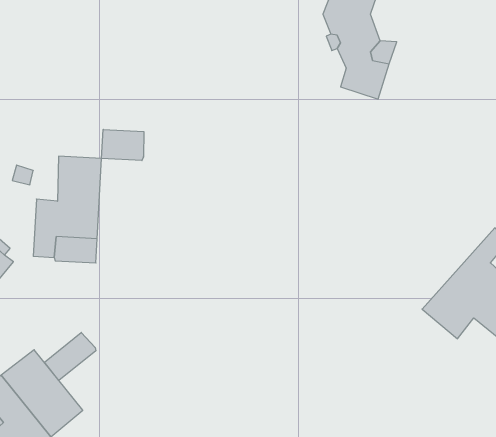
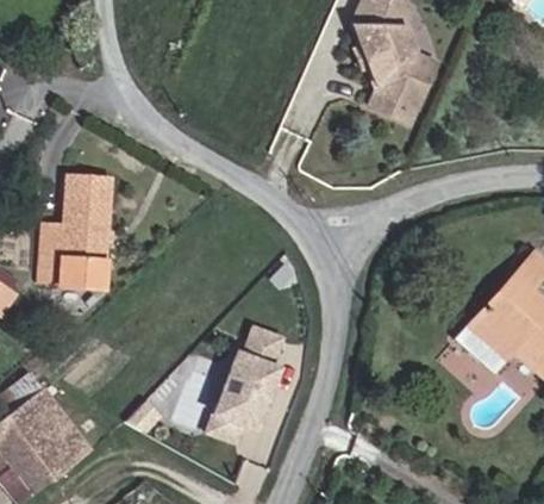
building: [101,129,144,161] -> none
building: none -> [206,326,284,443]
building: [44,332,96,381] -> none

